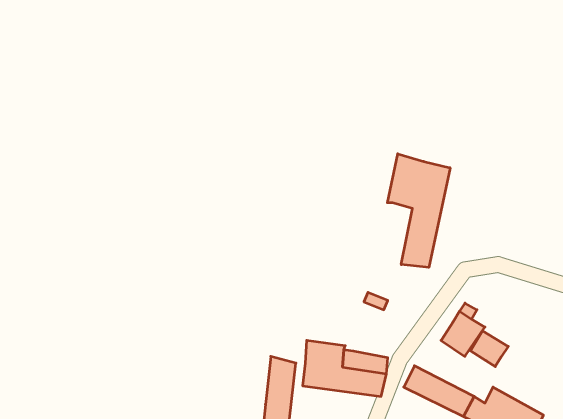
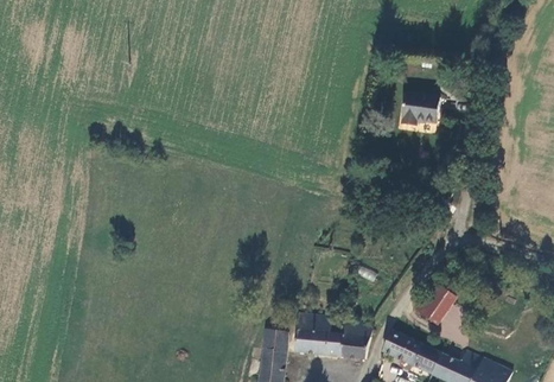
building: none -> [402,97,441,132]
building: [387,154,450,267] -> none
building: [470,331,508,367] -> none

